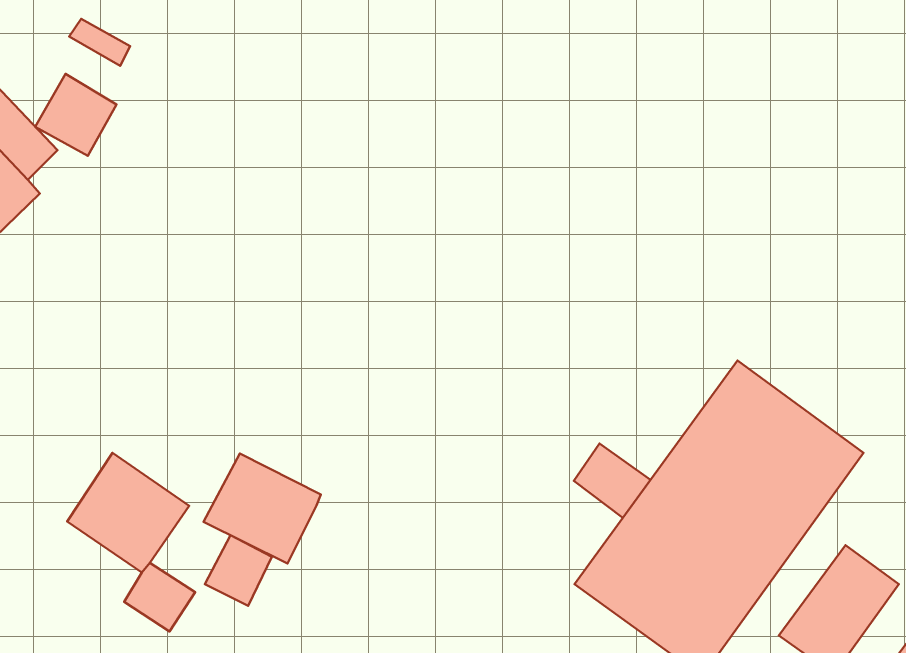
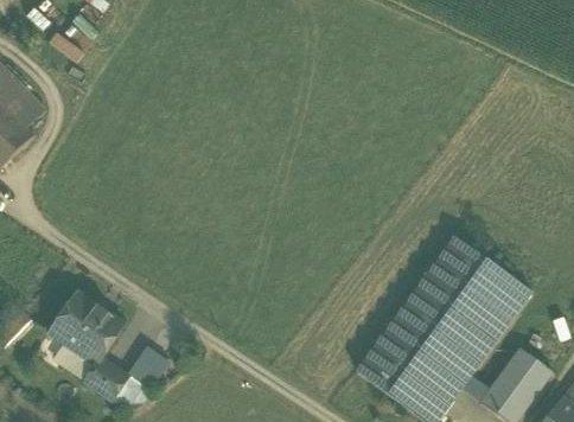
building: [35,74,116,156] -> none
building: [574,444,651,518] -> none
building: [204,454,321,564] -> none

